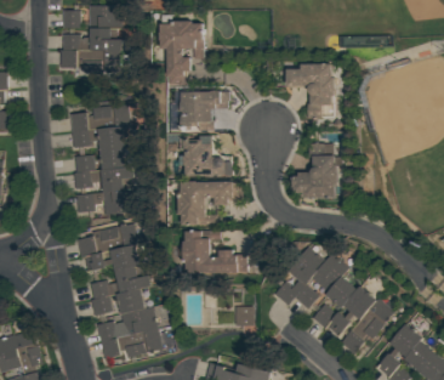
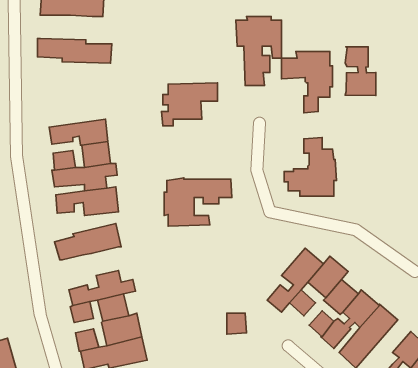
building: [159,21,201,85] -> [236,16,282,85]
building: [62,28,129,51] -> none
building: none -> [345,47,376,95]
building: [69,104,130,132] -> none
building: [178,135,233,175] -> none
building: [182,229,245,273] -> none
building: [82,244,140,271] -> none

